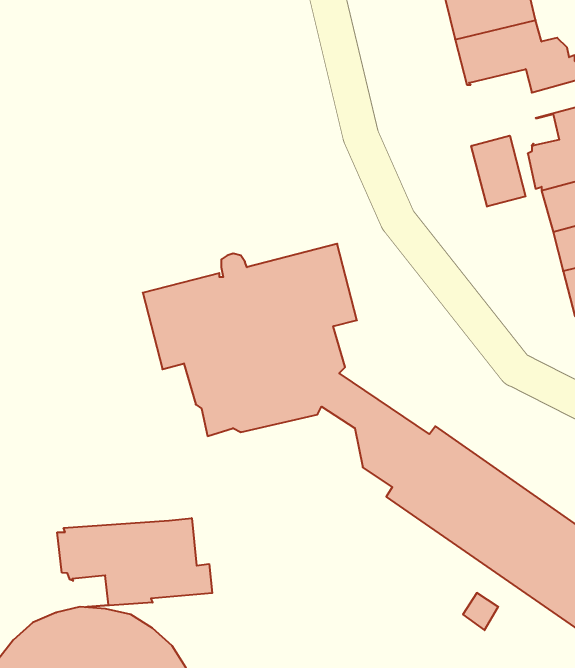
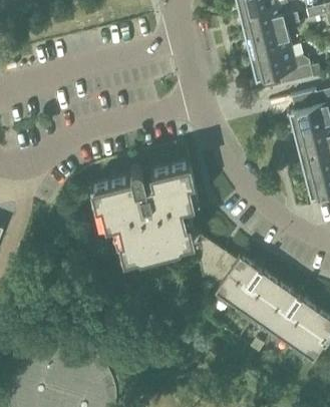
building: [471,136,526,207] -> none
building: [57,518,212,607] -> none

